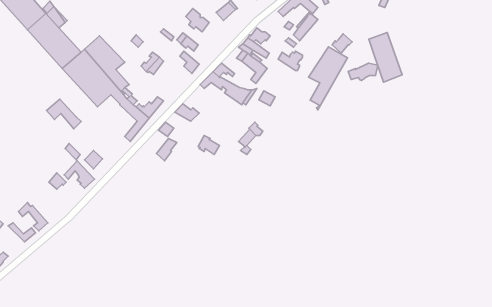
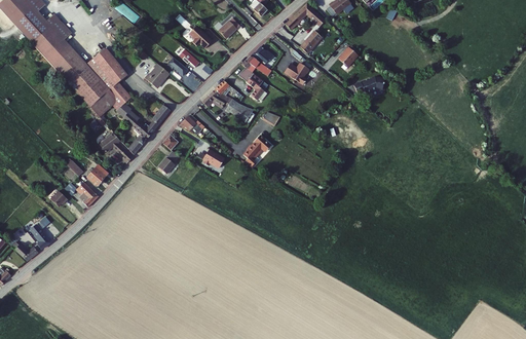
building: [369,33,402,82] -> none
building: [309,47,348,110] -> none
building: [47,99,81,129] -> [98,135,133,164]

